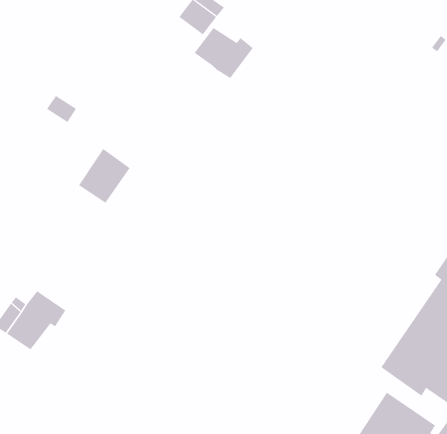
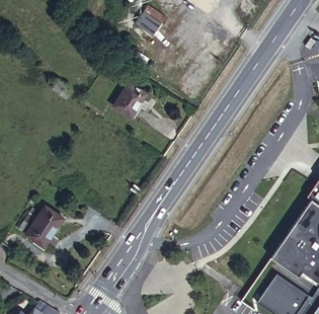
building: [194,27,253,79] -> none
building: [78,148,130,204] -> [113,85,148,122]

